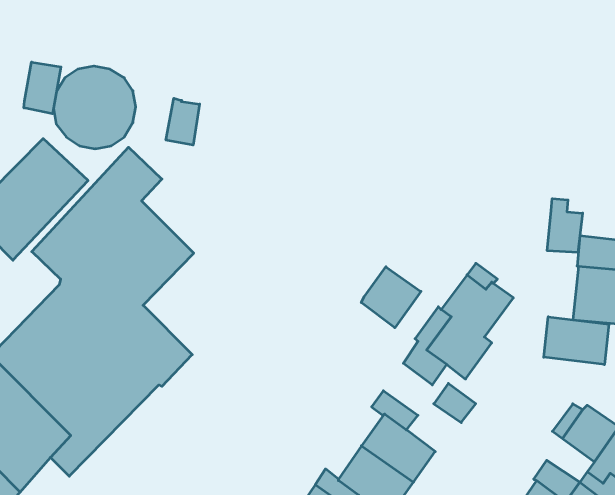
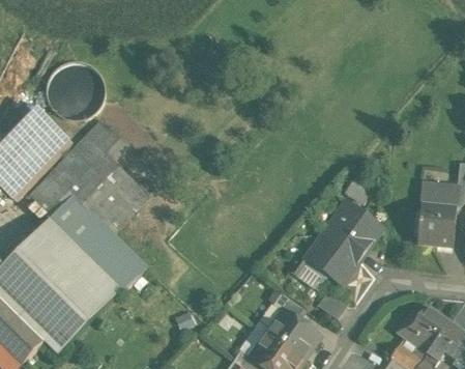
building: [24,62,61,114] -> none
building: [166,98,200,145] -> none
building: [547,199,583,252] -> none
building: [361,267,421,328] -> none
building: [544,317,609,365] -> none

